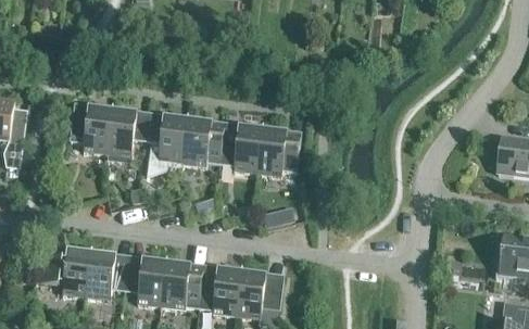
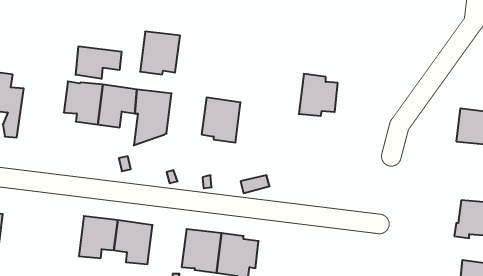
building: none -> [76,46,122,79]
building: [182,118,226,165] -> [140,32,180,74]
building: [257,128,300,174] -> [299,74,338,116]
building: [37,249,92,295] -> none
building: [162,262,204,307] -> none

